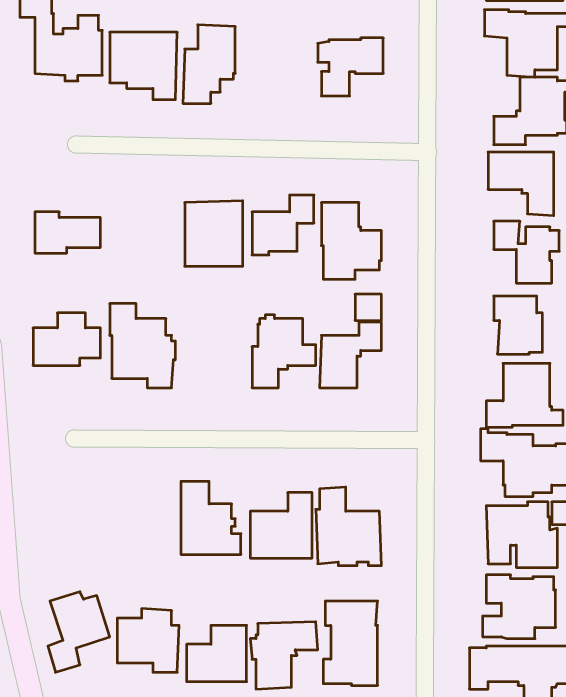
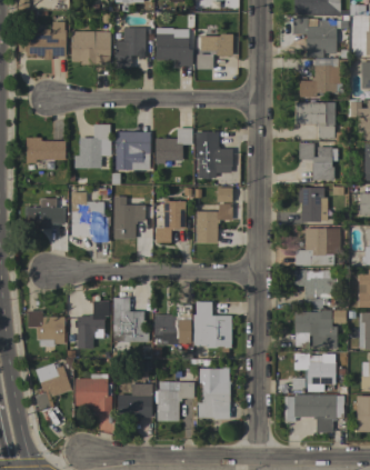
building: none -> [157,33,192,66]
building: none -> [74,124,111,168]
building: none -> [113,197,146,239]
building: none -> [76,301,109,348]
building: none -> [28,311,64,347]

